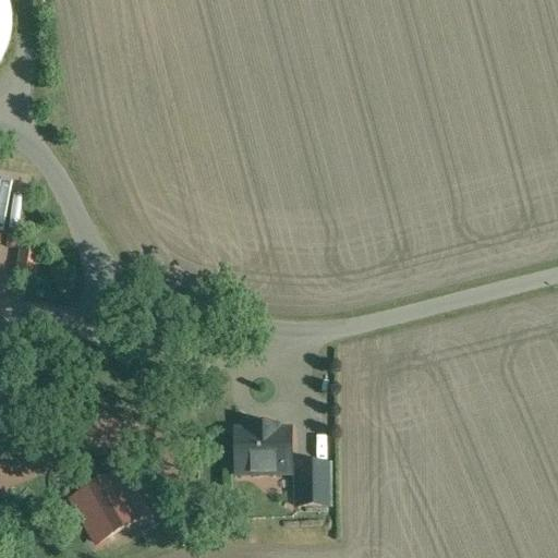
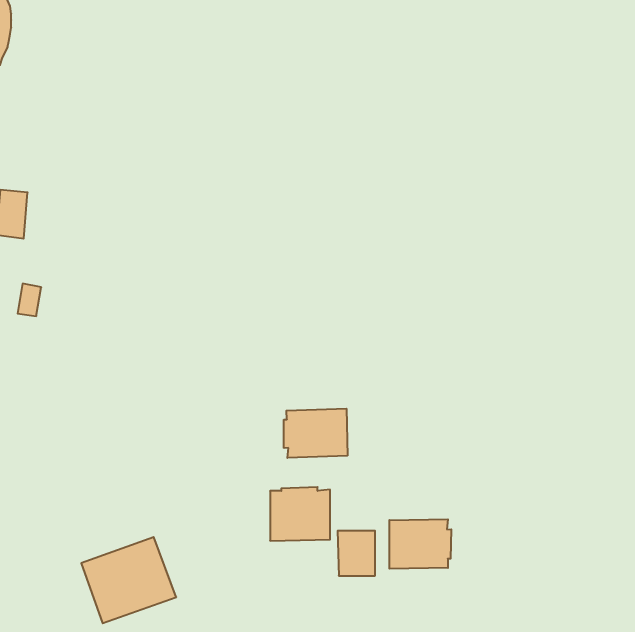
building: none -> [284,409,347,458]
building: none -> [389,519,451,569]

